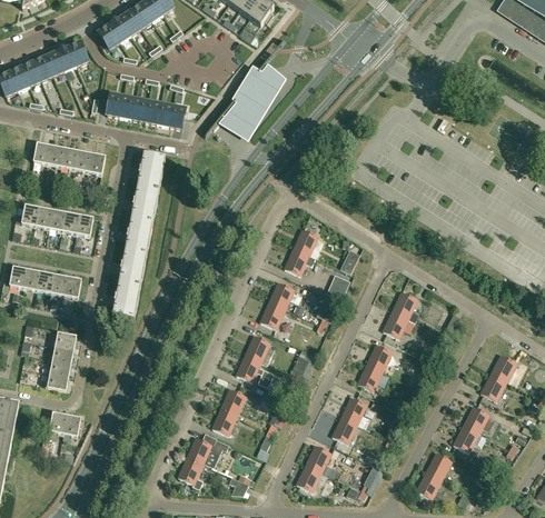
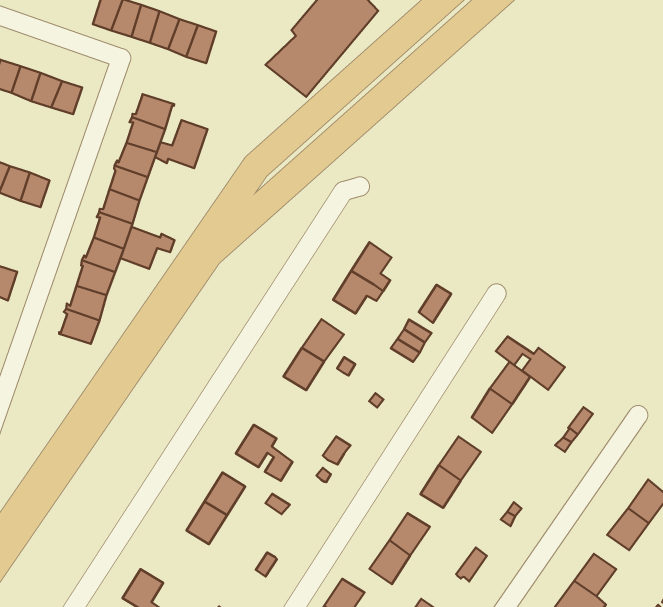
building: none -> [155,120,207,168]
building: none -> [120,227,175,269]
building: none -> [496,337,565,390]
building: [245,335,271,365] -> none
building: [186,436,228,467] -> none

